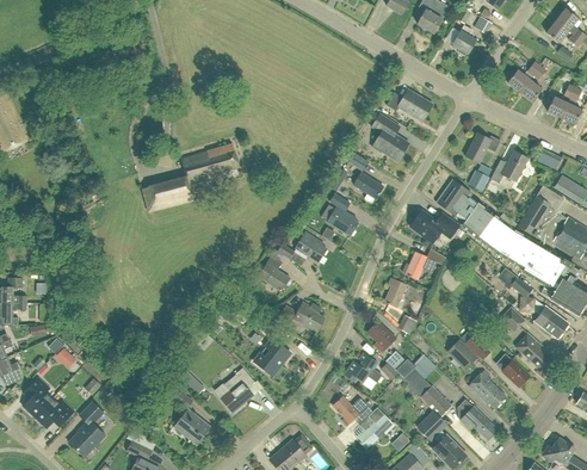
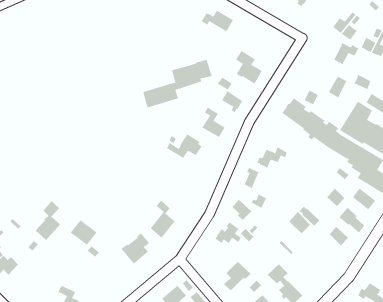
building: [387,89,432,120] -> [201,10,234,32]
building: [465,132,501,163] -> [333,43,359,65]
building: [142,143,239,211] -> [143,59,212,108]
building: [409,210,461,242] -> none
building: [258,254,291,291] -> none
building: [278,301,326,332] -> none
building: [403,367,452,418] -> none
building: [468,369,506,407] -> none
building: [332,395,373,426] -> none
building: [68,401,104,457] -> [35,200,61,241]
building: [461,404,498,438] -> none
building: [173,408,211,444] -> [70,220,97,245]

